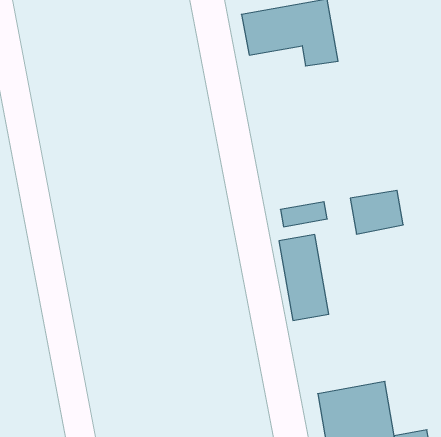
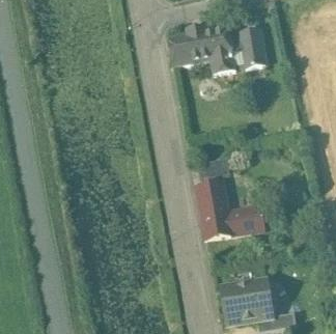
building: none -> [240,34,265,64]
building: [350,190,403,234] -> [224,205,259,234]

